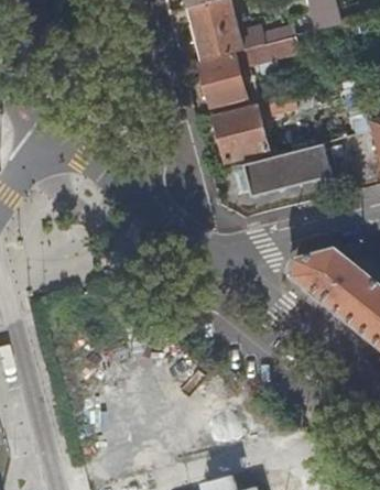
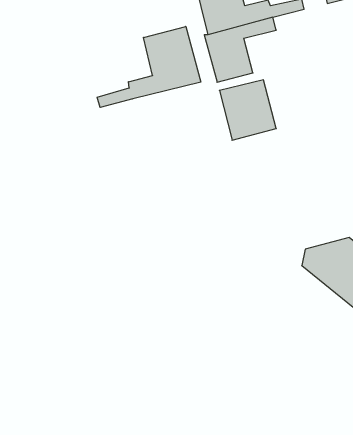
building: none -> [97,26,201,107]
building: [242,143,329,195] -> none

